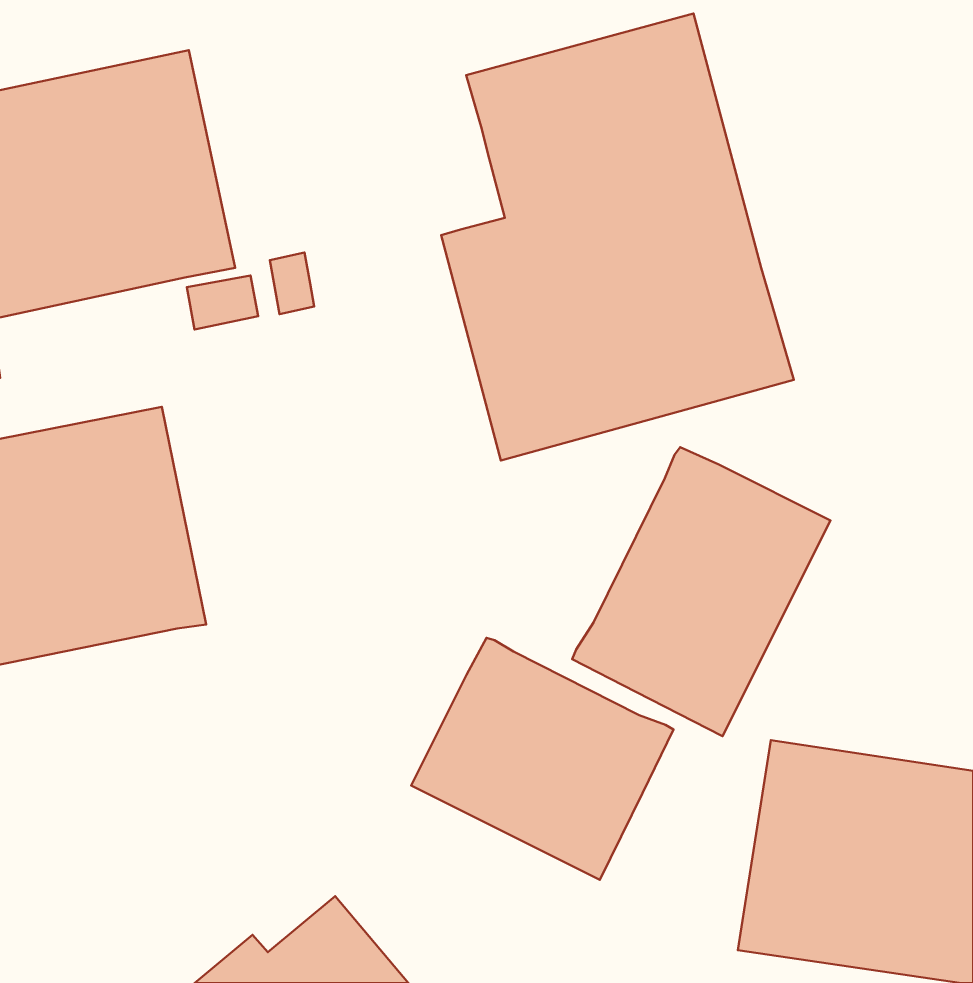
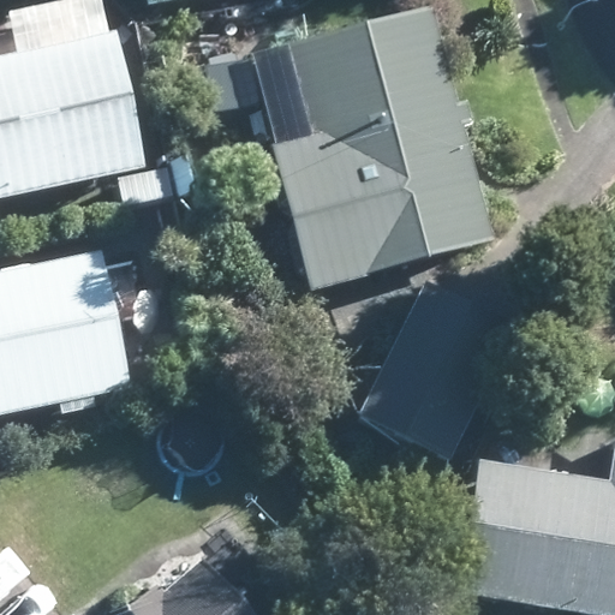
building: [411,638,673,880] -> none

